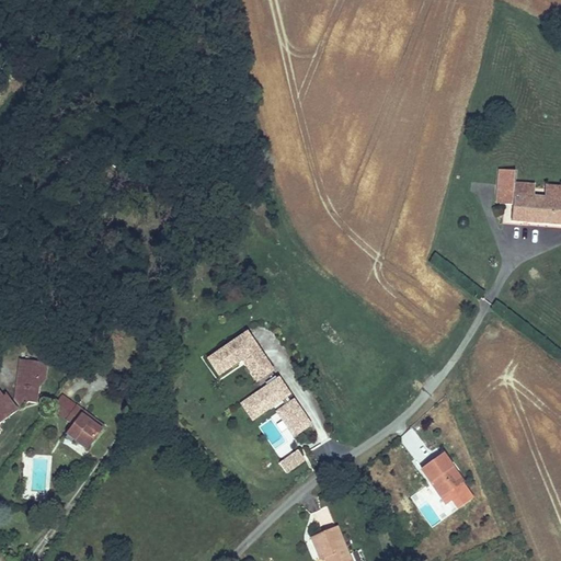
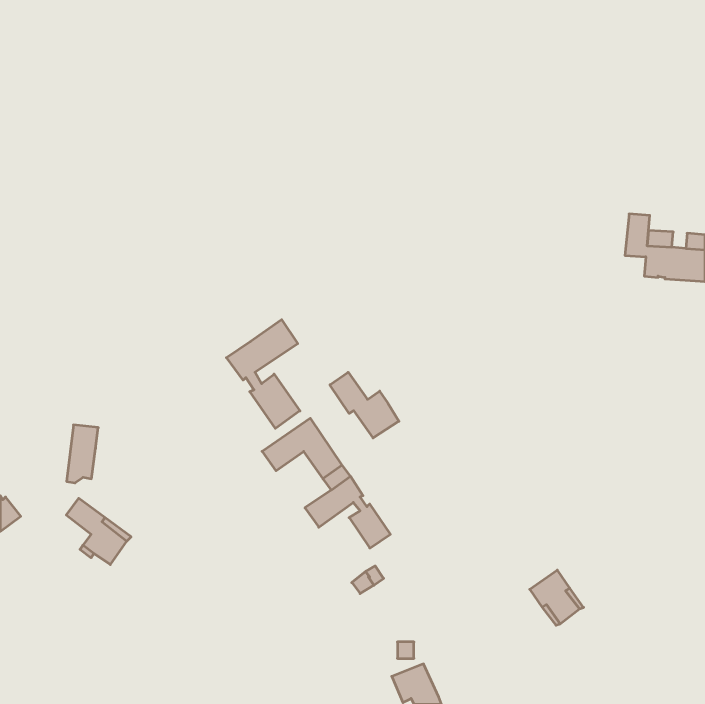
building: none -> [226,320,300,428]
building: none -> [330,372,399,438]
building: [15,359,41,405] -> [67,425,98,483]

